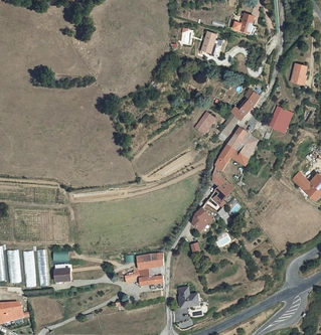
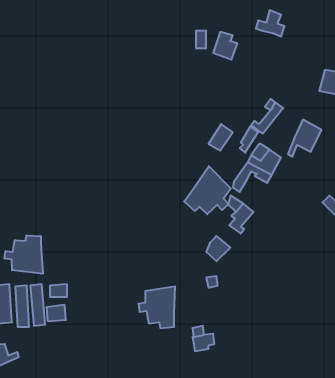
building: none -> [184,166,231,214]
building: none -> [5,235,43,274]

